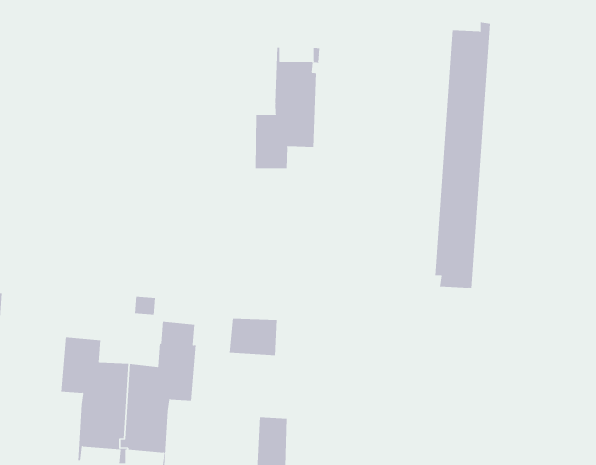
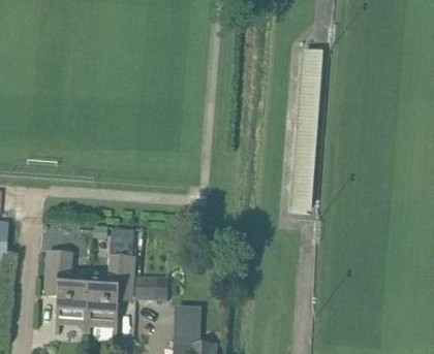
building: [255,47,320,169] -> none
building: [229,318,278,356] -> [135,275,167,299]

